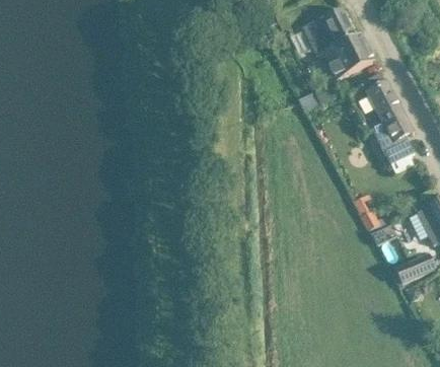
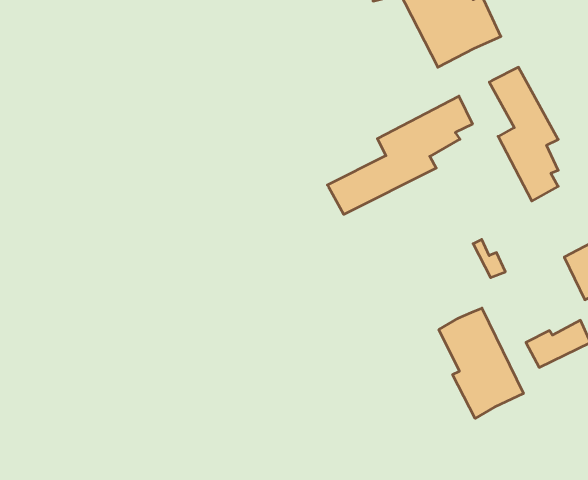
building: none -> [327,96,472,214]
building: none -> [439,308,523,418]

